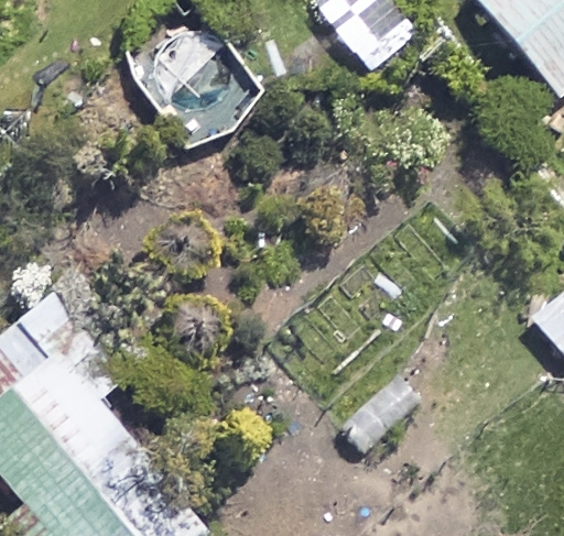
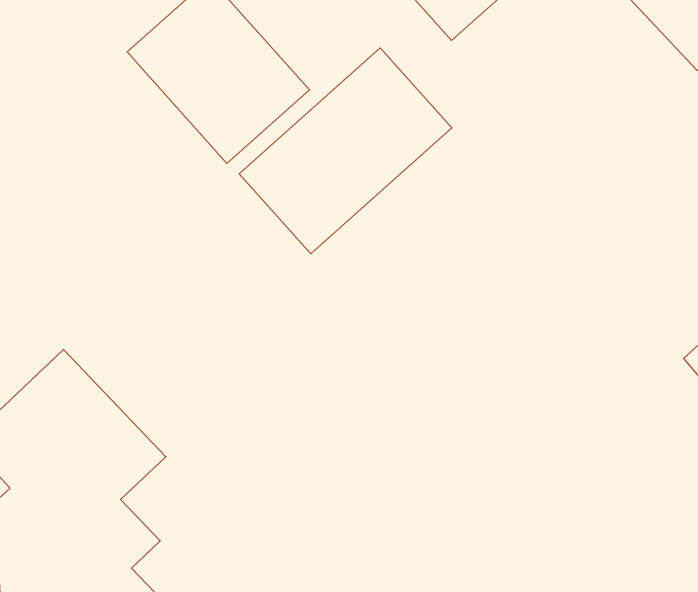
building: none -> [239,48,452,254]

